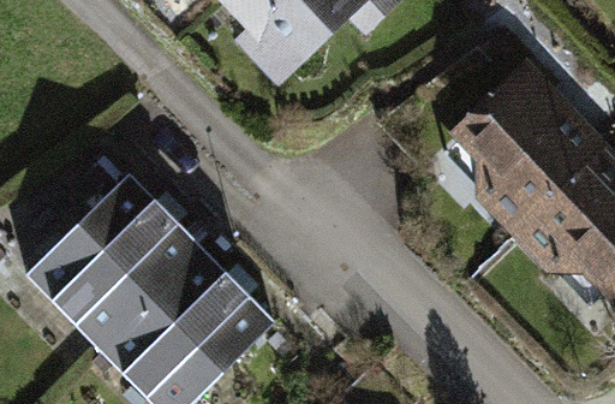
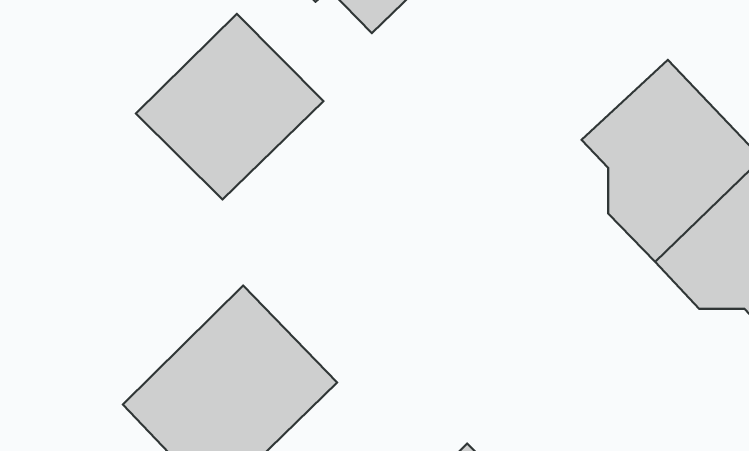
building: none -> [136,14,324,199]
building: [34,177,199,340] -> none

